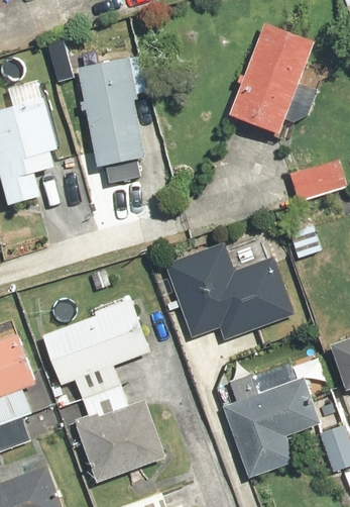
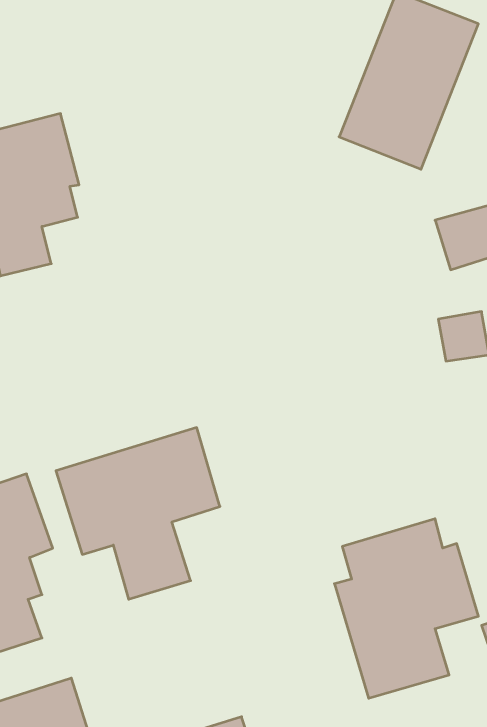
building: [73,58,145,166] -> none
building: [165,239,296,338] -> none
building: [76,399,164,483] -> none

